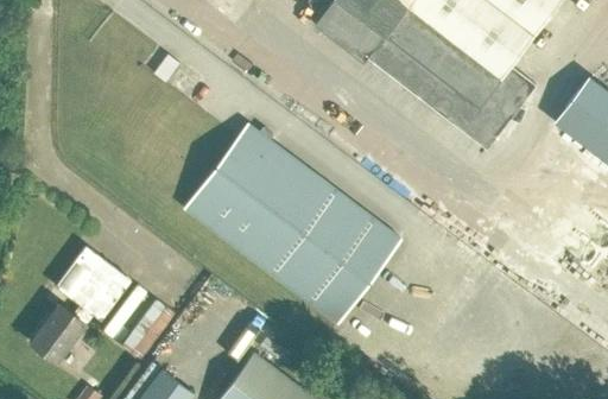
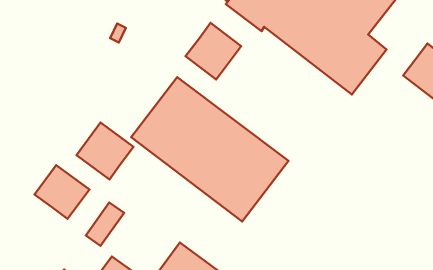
building: none -> [185,23,241,79]
building: none -> [76,122,134,180]
building: [32,303,84,359] -> none

